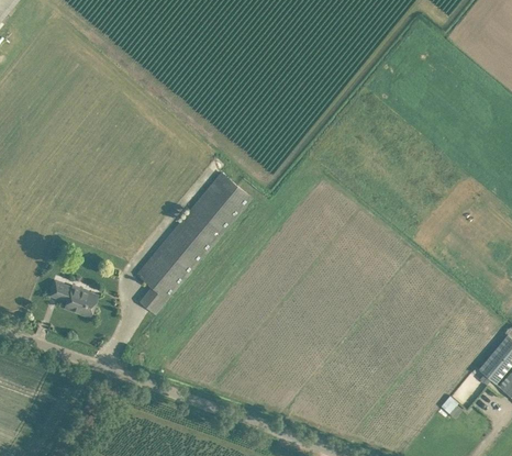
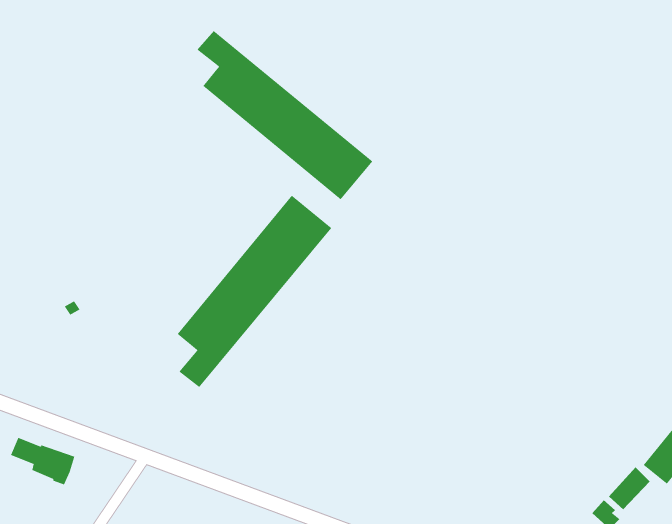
building: none -> [197,30,373,200]
building: [48,279,96,314] -> [10,437,75,485]

